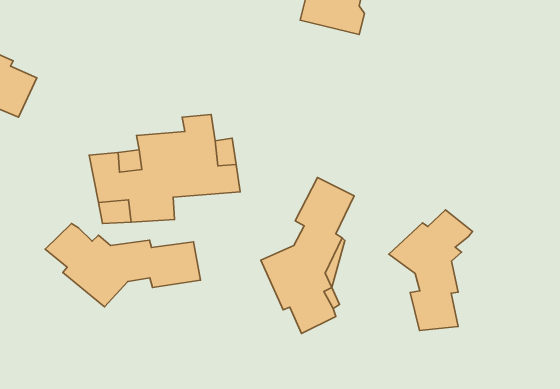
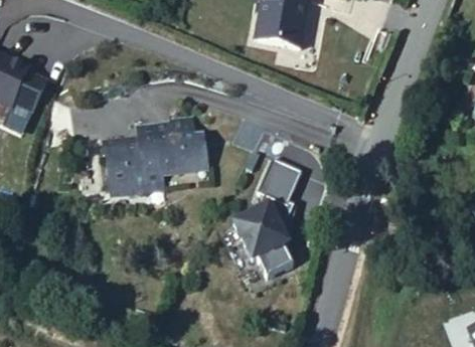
building: [389,210,473,331] -> none
building: [45,223,201,307] -> none

